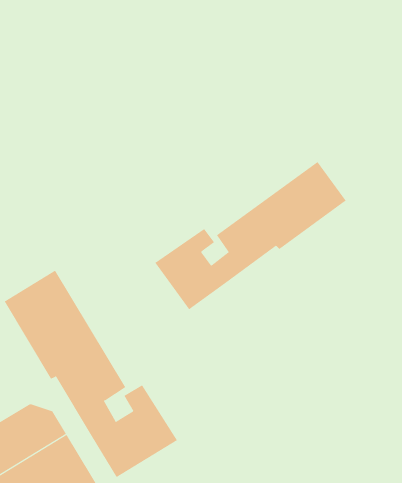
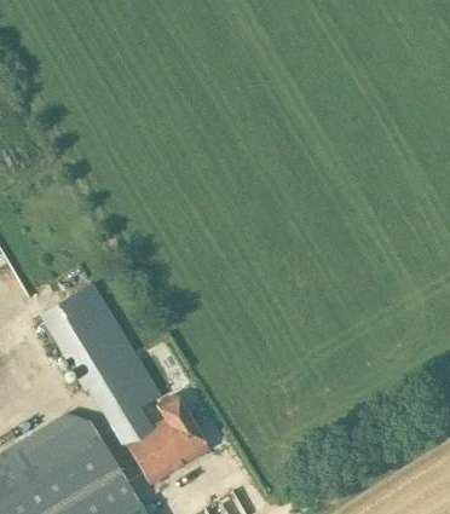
building: [155,161,347,310] -> none

